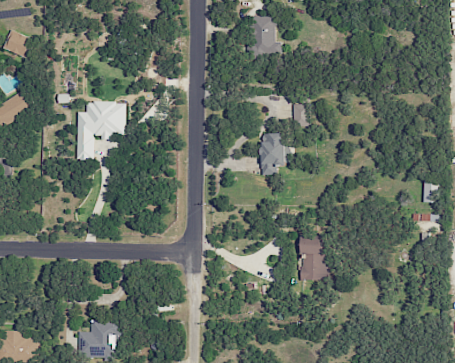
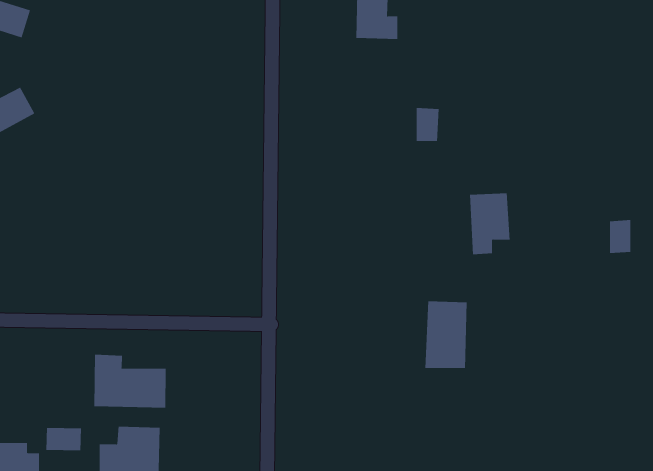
building: [76,101,125,159] -> none
building: [260,132,288,174] -> [469,193,511,255]
building: none -> [94,354,166,409]
building: none -> [46,427,81,451]

